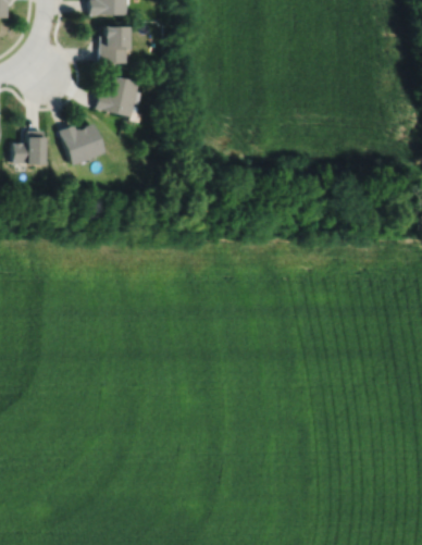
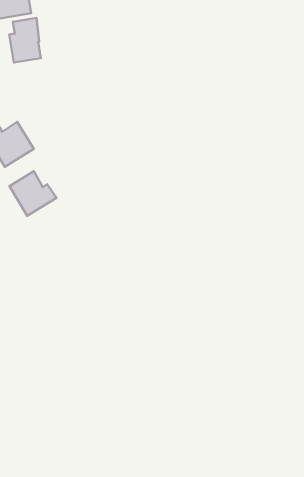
building: [96,74,139,116] -> none
building: none -> [9,171,56,216]

